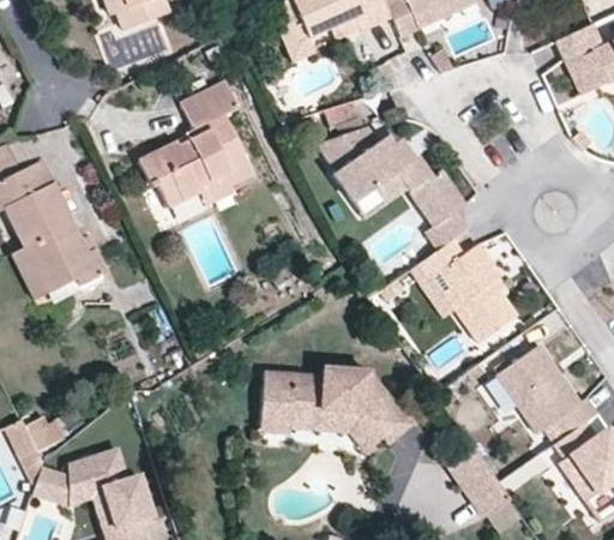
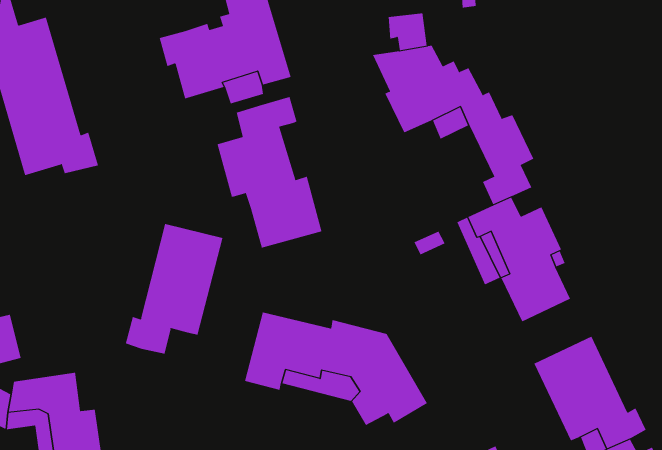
building: none -> [217,96,322,248]
building: none -> [125,223,223,354]

